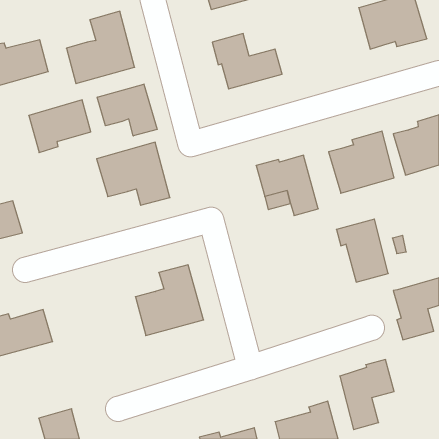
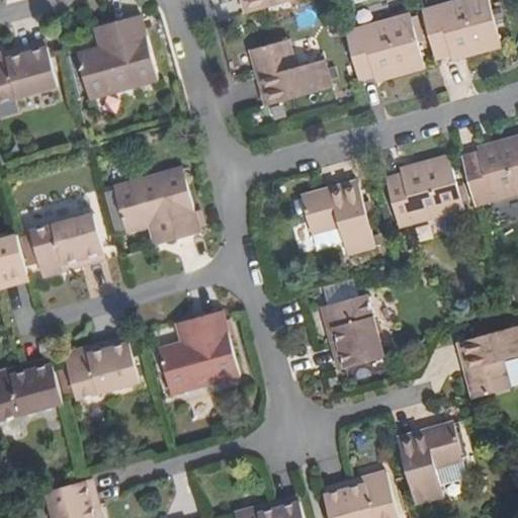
building: none -> [344,12,424,79]
building: [97,84,157,136] -> none
building: [29,100,91,153] -> [30,213,103,275]
building: [336,219,388,282] -> [321,294,381,368]
building: none -> [64,342,139,398]

